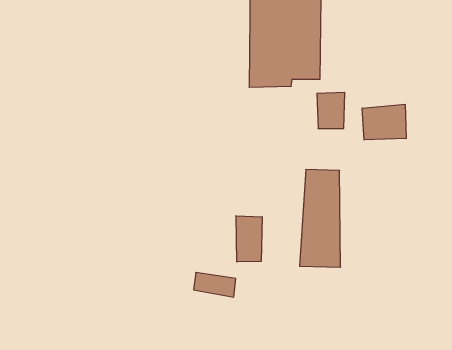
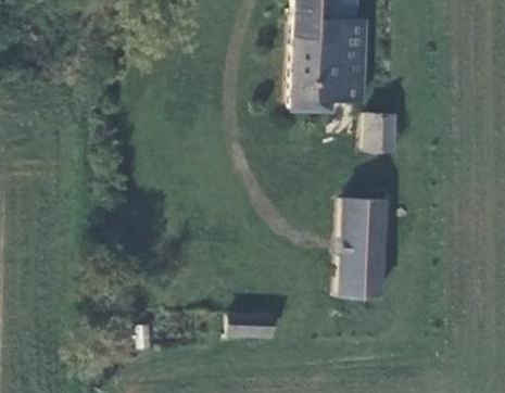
building: [362,104,406,140] -> none
building: [236,216,262,262] -> none

